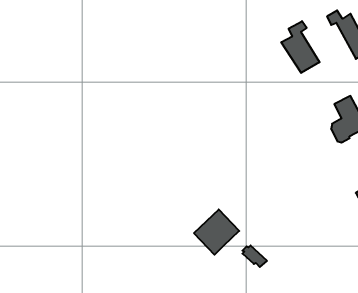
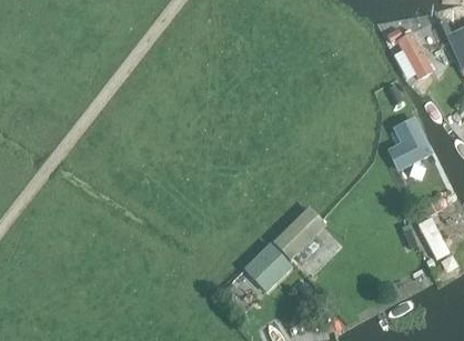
building: [281,21,320,73] -> none
building: none -> [273,205,326,259]

